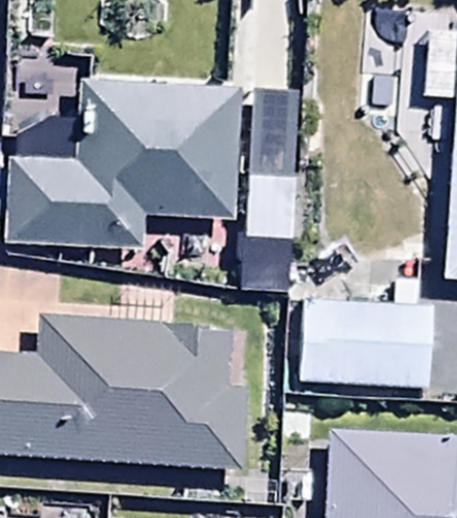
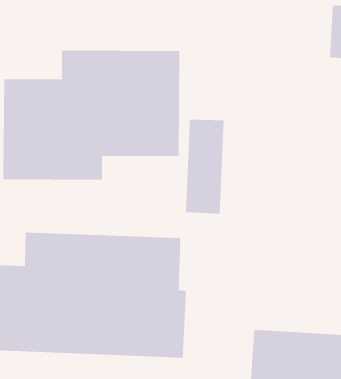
building: [299,296,435,387] -> none

